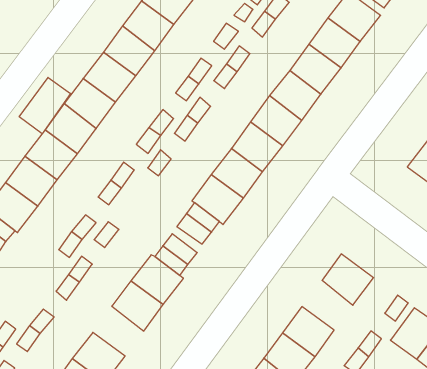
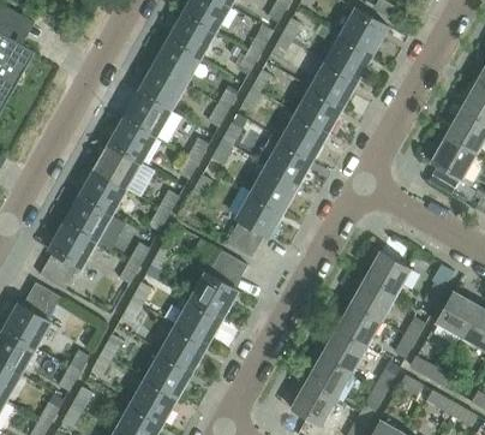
building: [19,77,71,134] -> none
building: none -> [348,276,395,321]
building: none -> [160,324,206,369]

